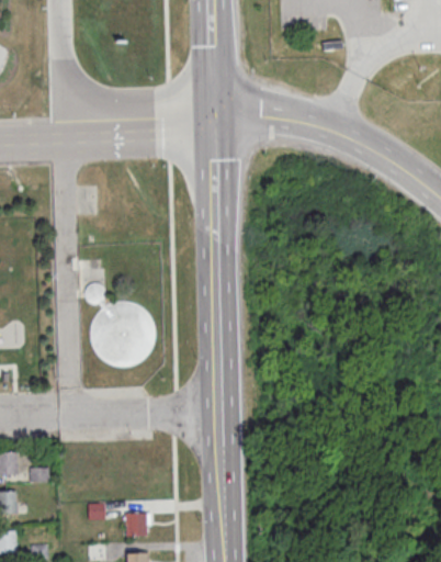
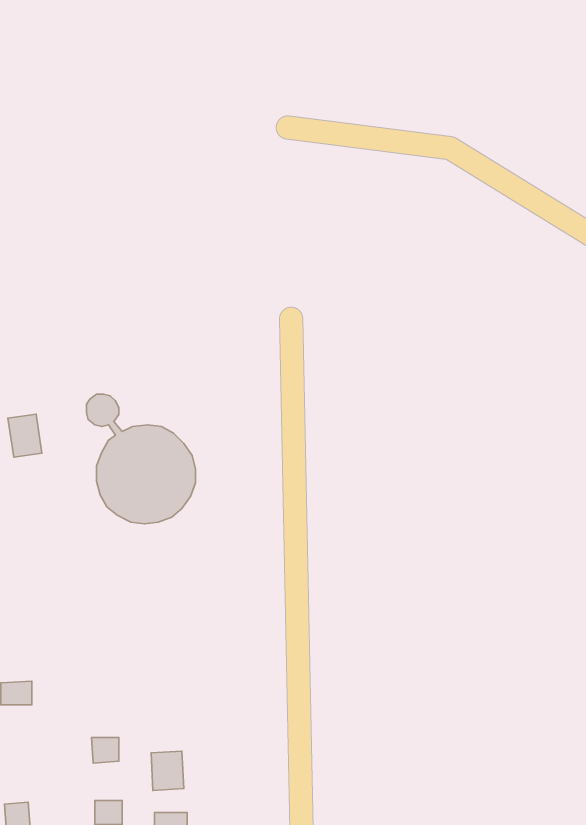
building: none -> [8,414,42,457]

